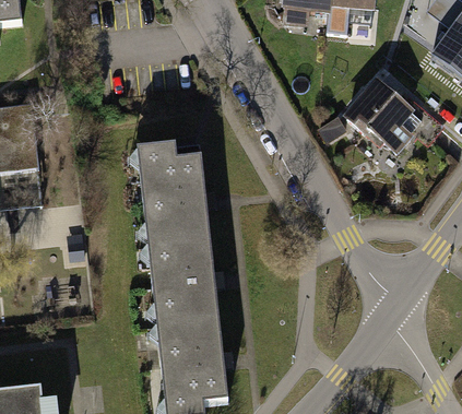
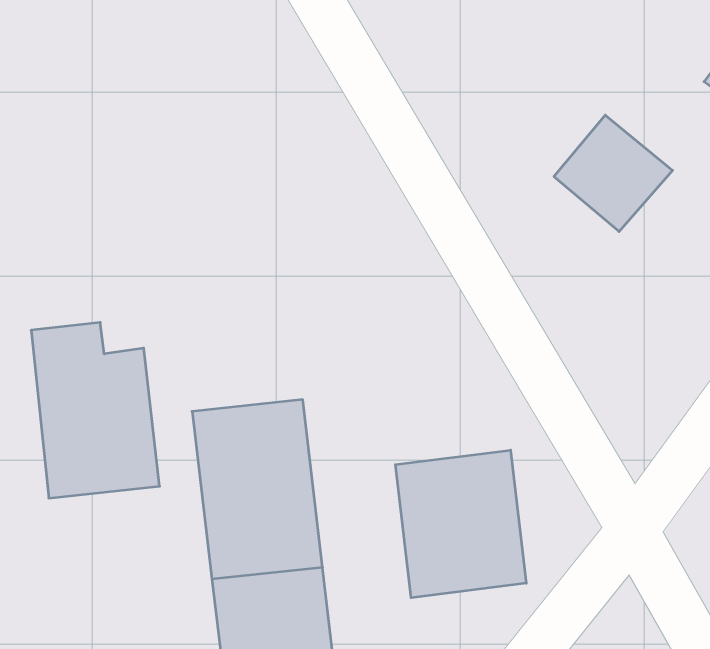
building: [138,144,209,241] -> [31,322,160,498]
building: none -> [395,450,526,598]

